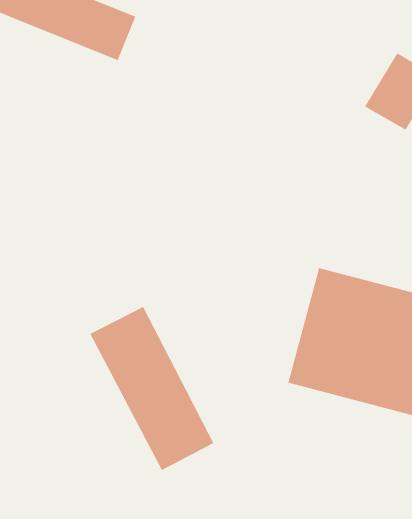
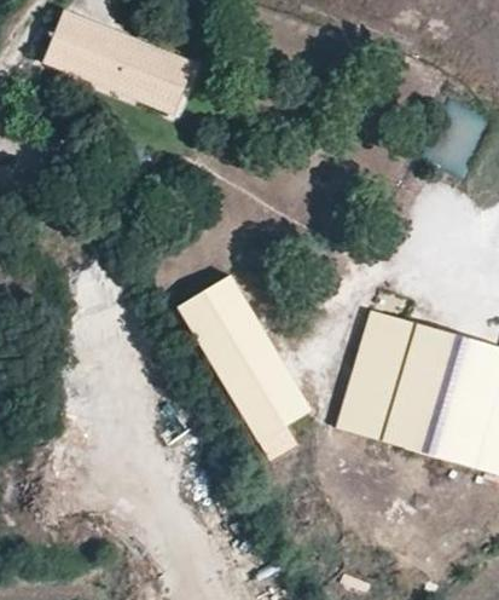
building: [89,306,214,471] -> [182,273,308,439]

